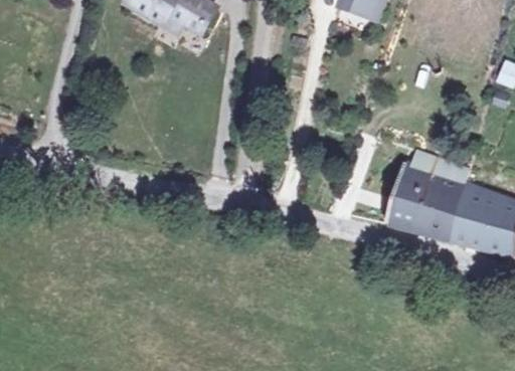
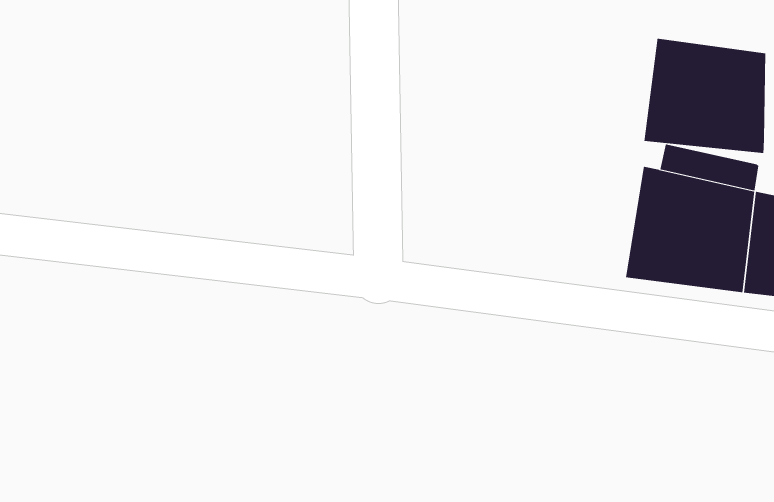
building: none -> [644,38,766,154]

